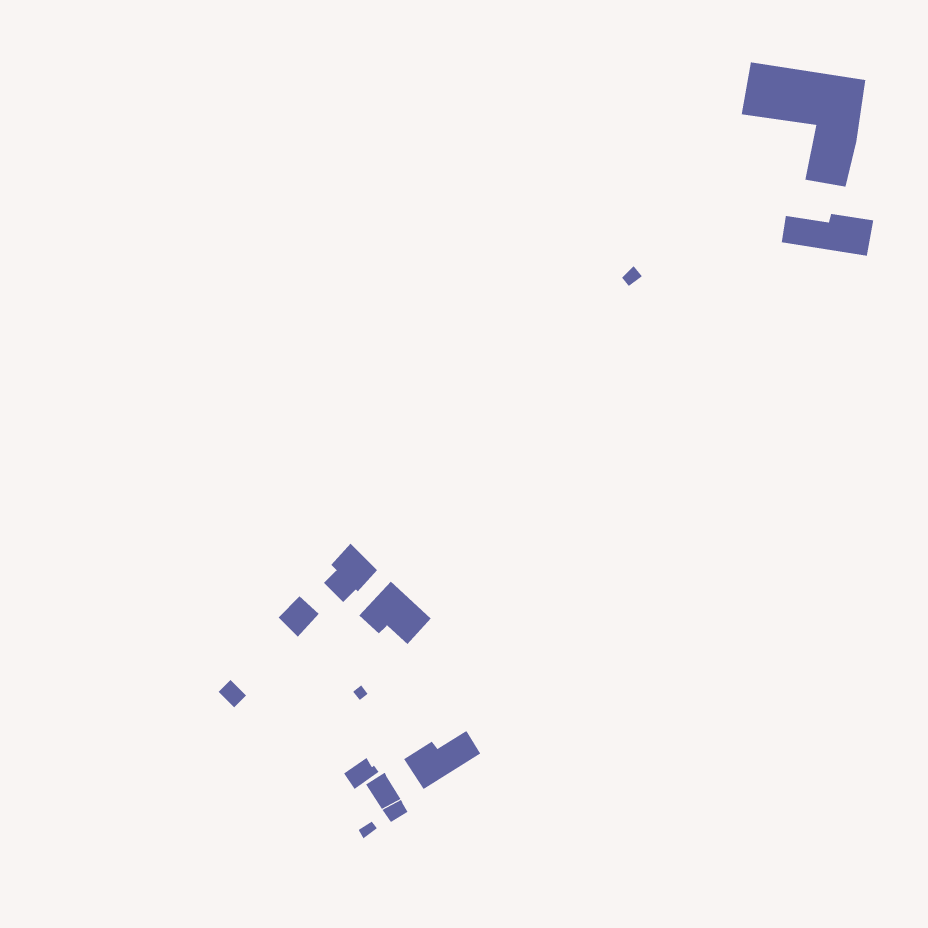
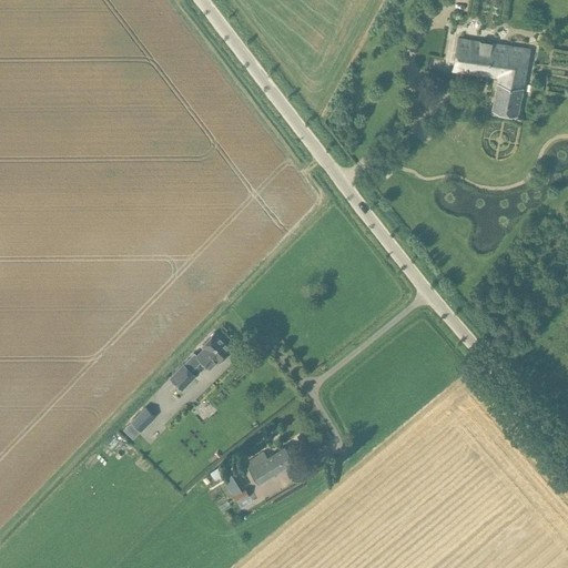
building: [781,213,874,256] -> none
building: [358,581,431,645] -> none

